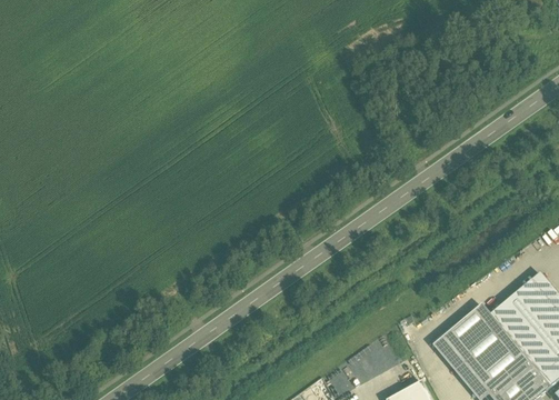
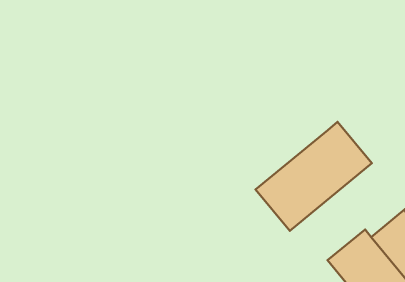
building: none -> [255,122,372,231]

